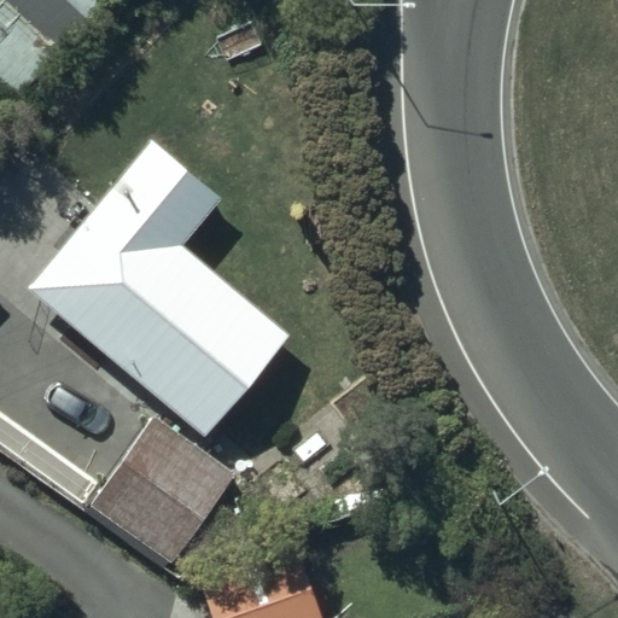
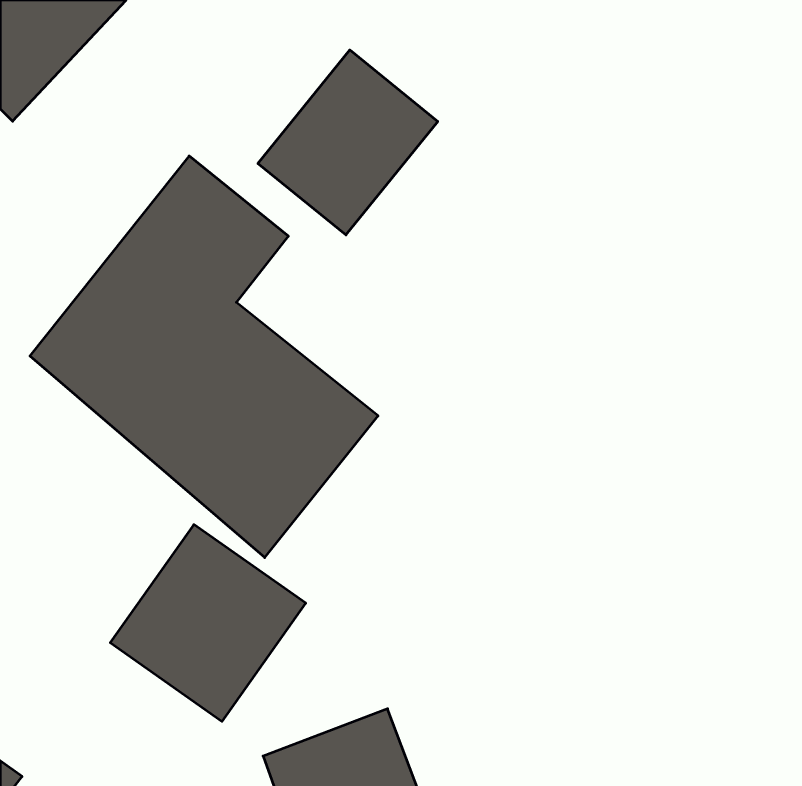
building: none -> [258,50,438,235]

